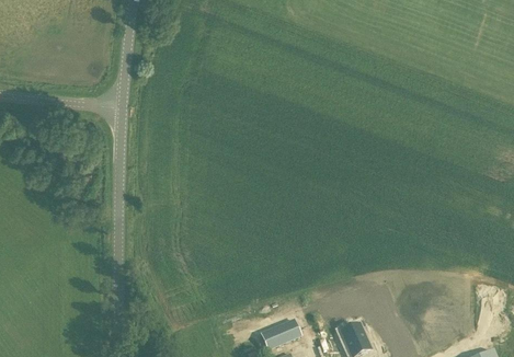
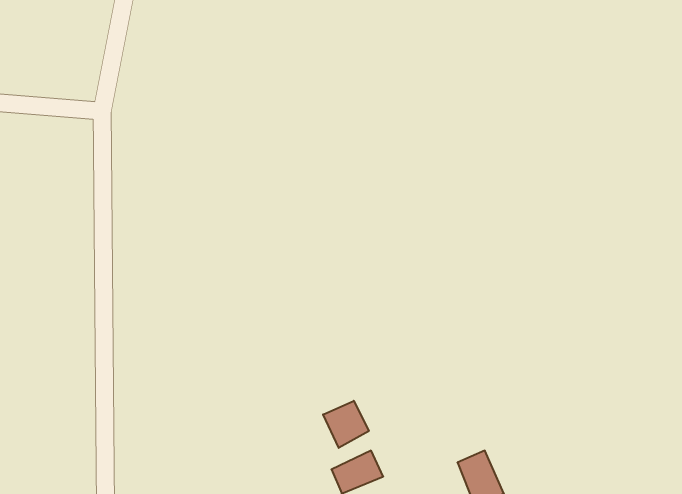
building: none -> [323,401,369,448]

